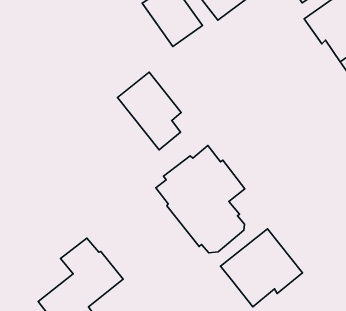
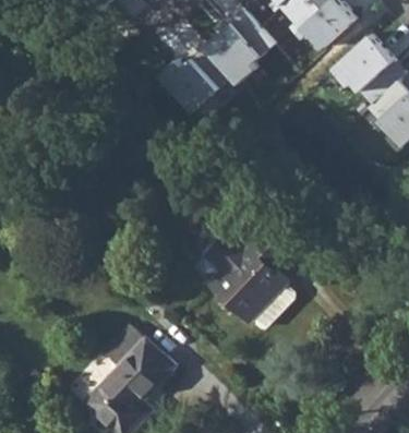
building: [117,72,181,150] -> none
building: [220,229,303,307] -> none

